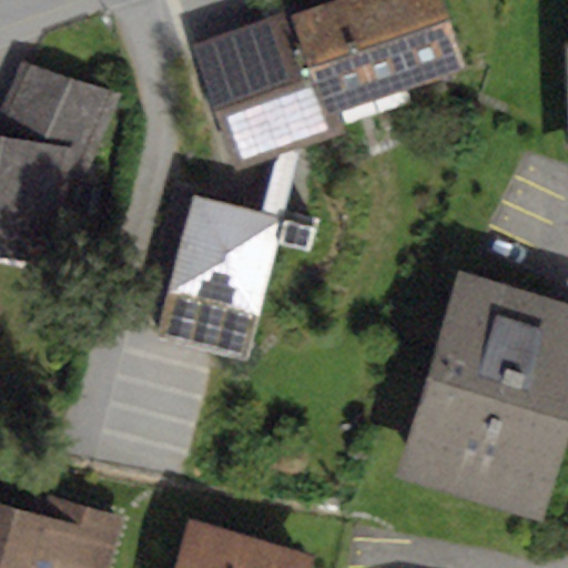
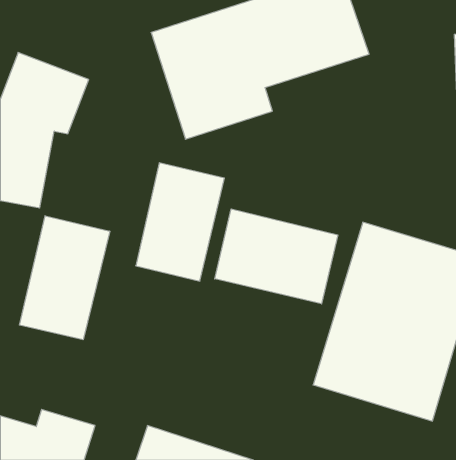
building: none -> [215,209,338,304]
building: none -> [19,216,110,340]

